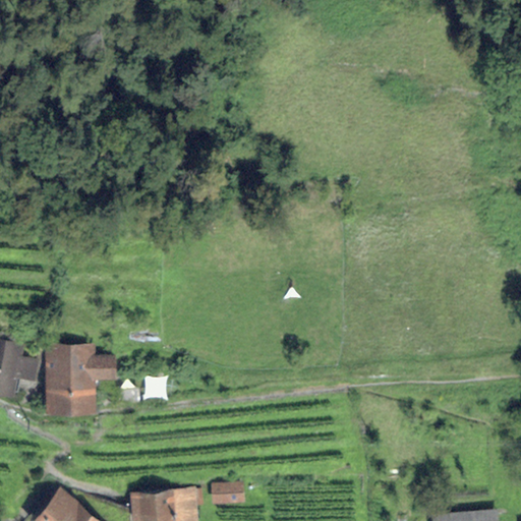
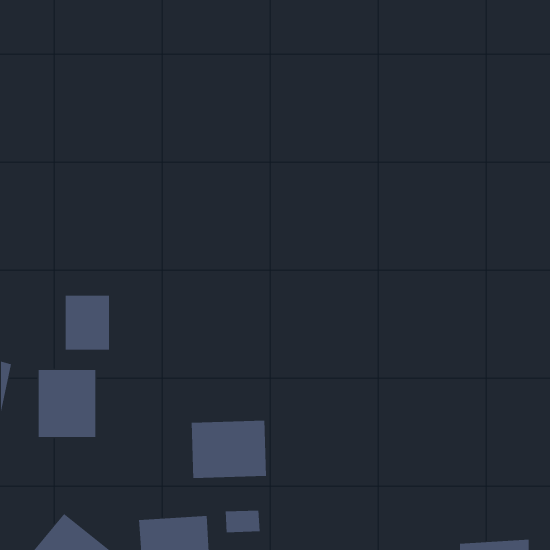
building: none -> [65,295,109,350]
building: none -> [191,420,266,479]

